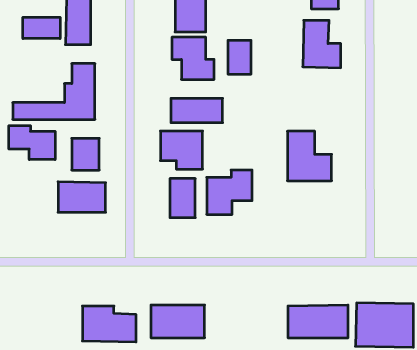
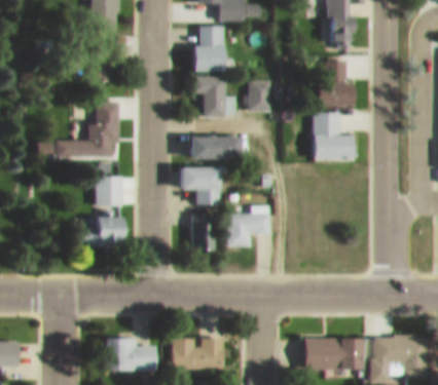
building: [23,17,60,39] -> none
building: [9,126,55,160] -> none
building: [287,131,332,181] -> [313,112,356,160]

